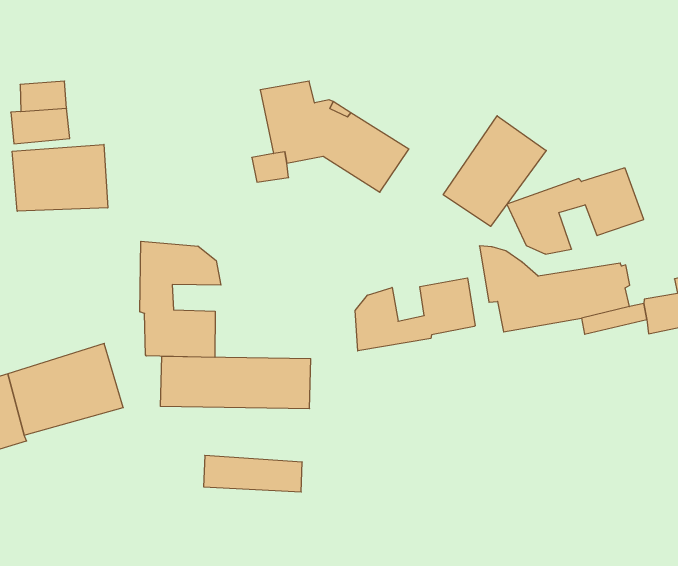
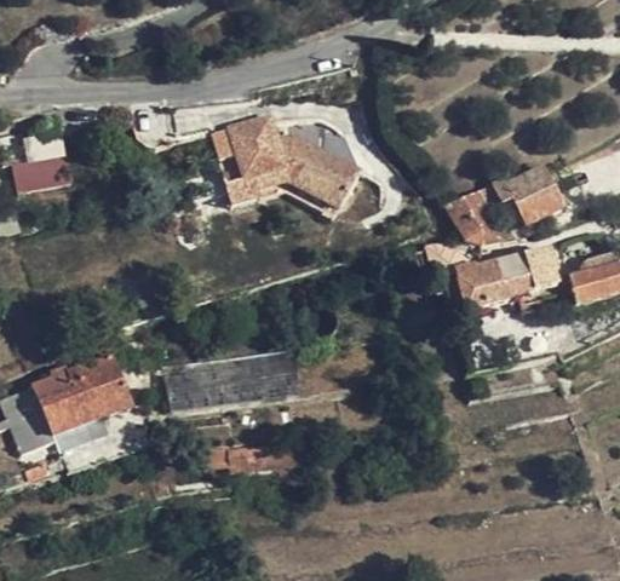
building: [443,116,546,226] -> none
building: [12,144,108,211] -> none
building: [140,241,221,357] -> none
building: [355,278,475,351] -> none

